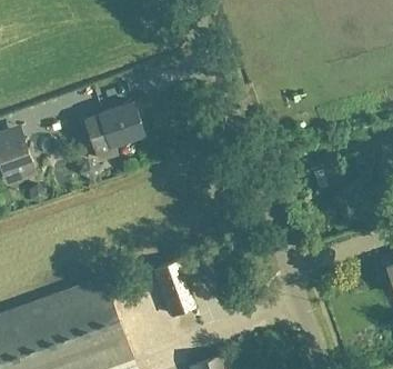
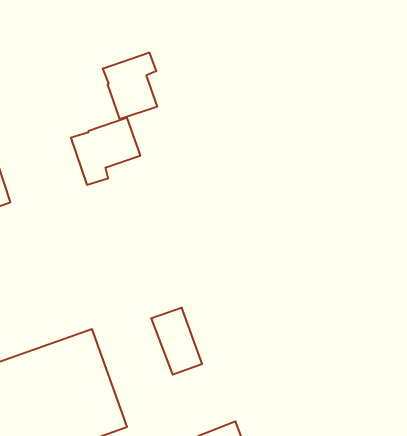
building: none -> [103,52,157,119]

